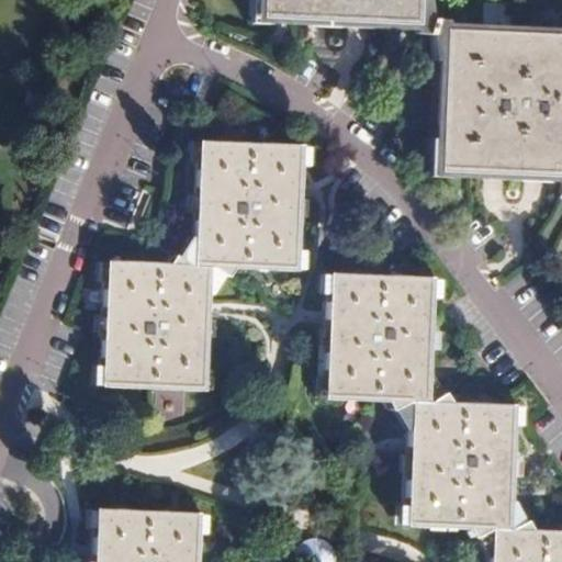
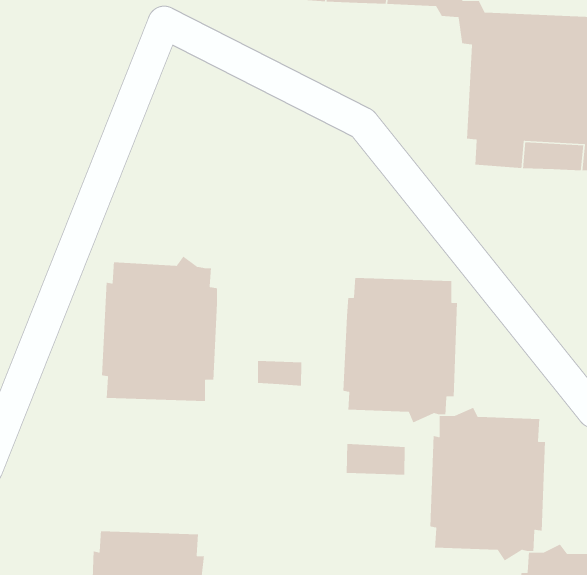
building: [196,142,303,276] -> none
building: none -> [257,360,302,386]
building: none -> [346,443,405,476]

